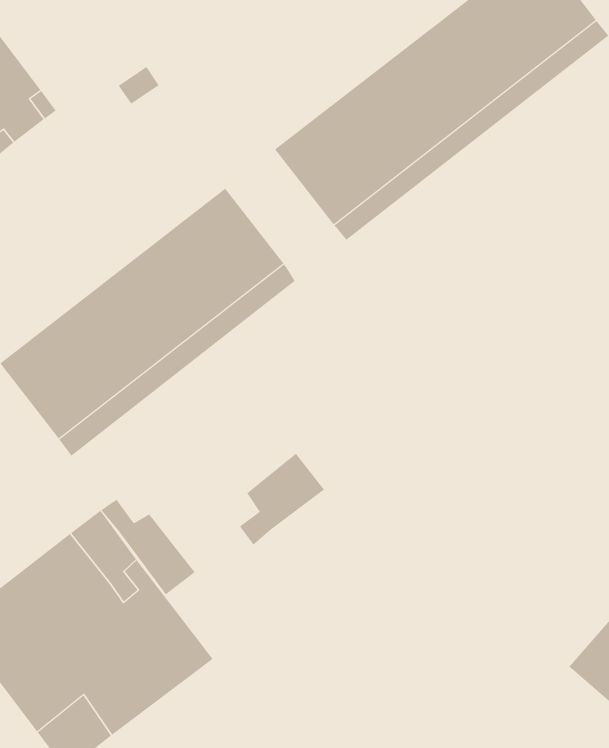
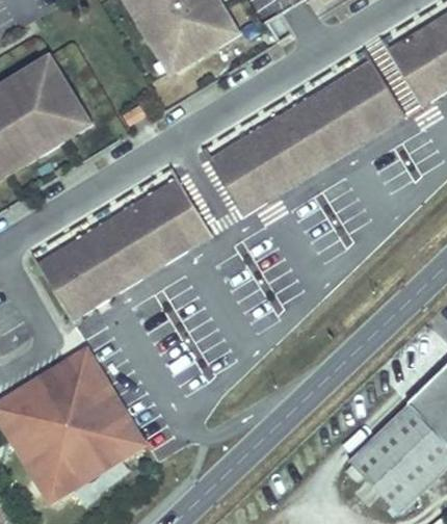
building: [239,453,325,546] -> none
building: [101,499,196,595] -> none

